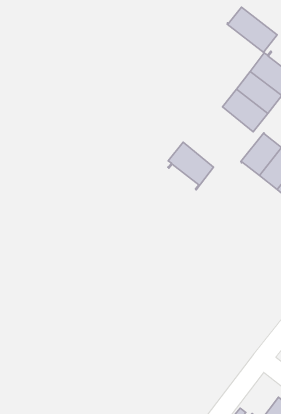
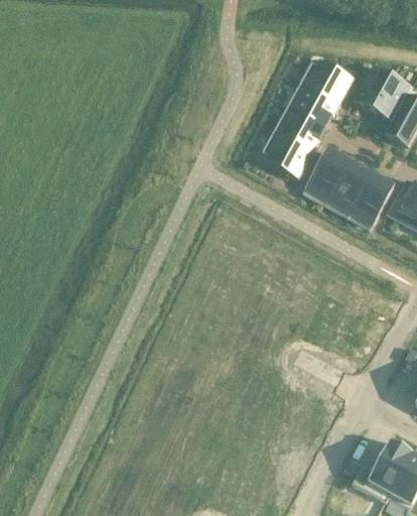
building: [227,7,277,53] -> none
building: [168,142,213,190] -> [262,129,313,179]

